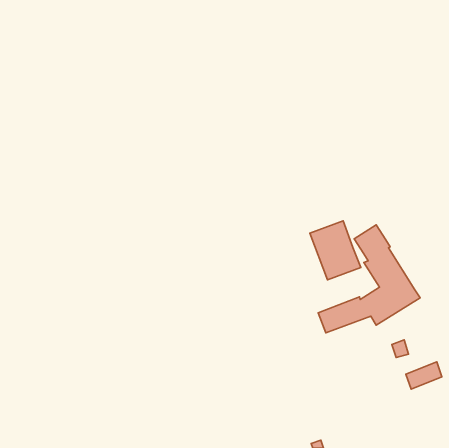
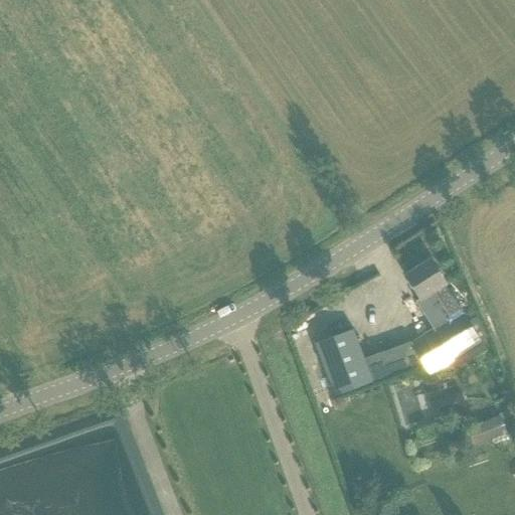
building: [310,221,361,280] -> [315,328,373,395]

